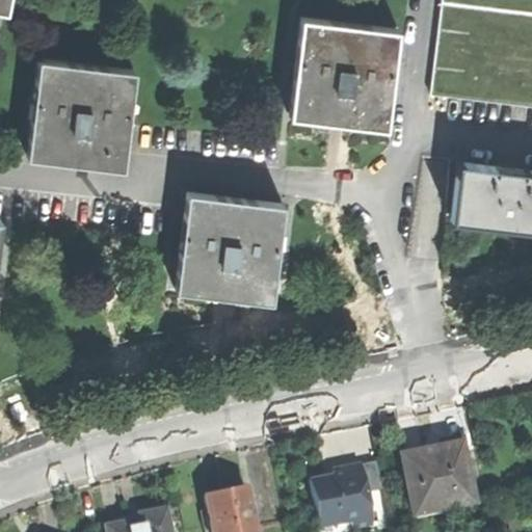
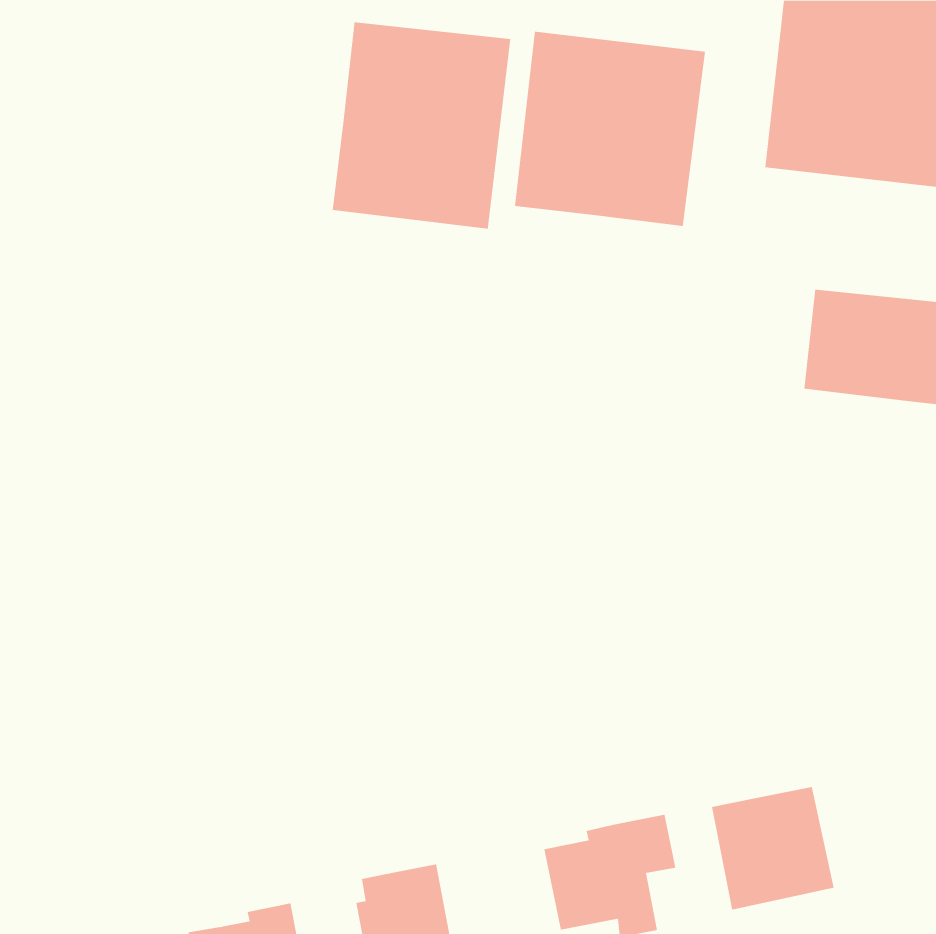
building: none -> [332,21,511,229]
building: [29,63,138,172] -> none
building: [178,196,287,305] -> none

